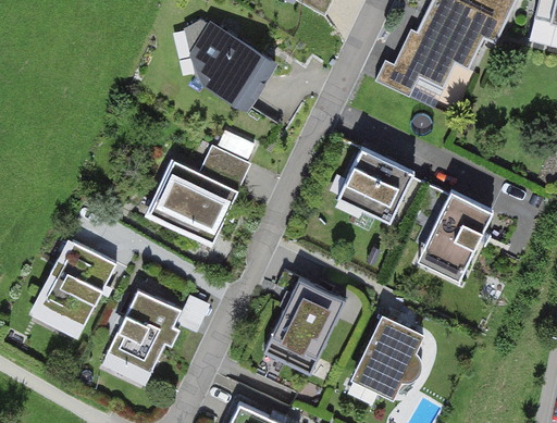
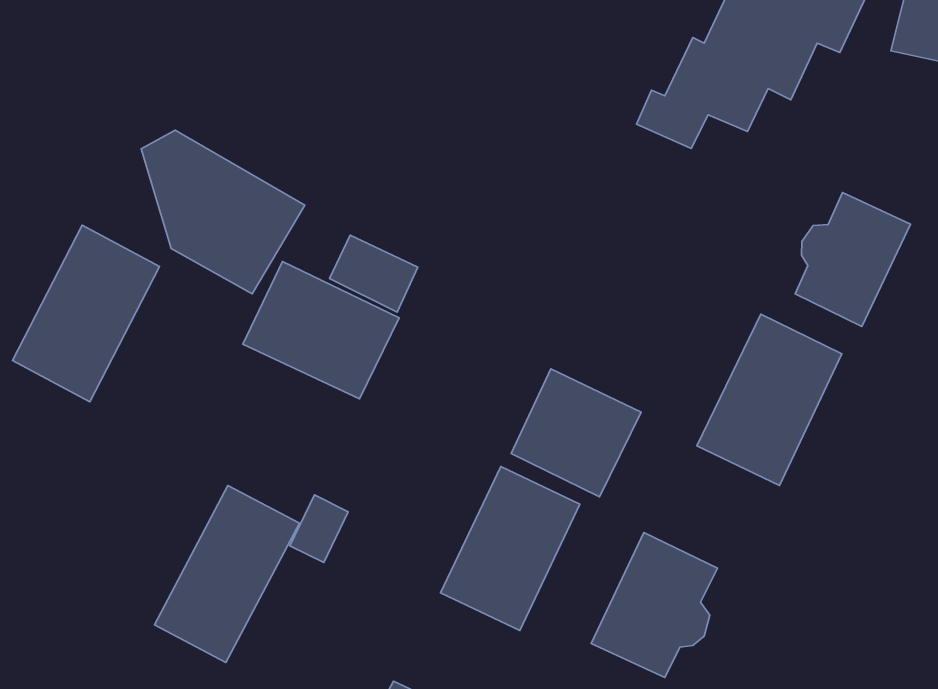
building: [182,17,276,112] -> [141,130,305,294]
building: none -> [795,193,911,327]
building: [336,148,411,222] -> [511,369,641,497]
building: [30,240,115,343] -> [12,225,159,402]

